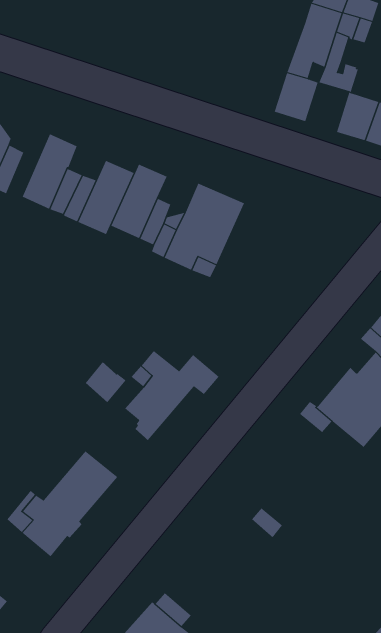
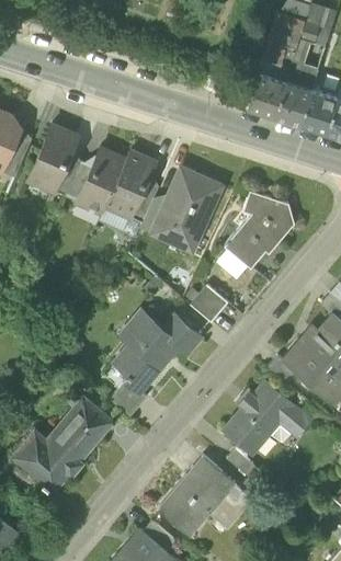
building: none -> [273,81,310,124]
building: none -> [224,191,293,267]
building: none -> [190,285,227,322]
building: [85,361,127,403] -> [110,380,146,416]
building: none -> [224,381,309,453]
building: none -> [157,456,251,536]

